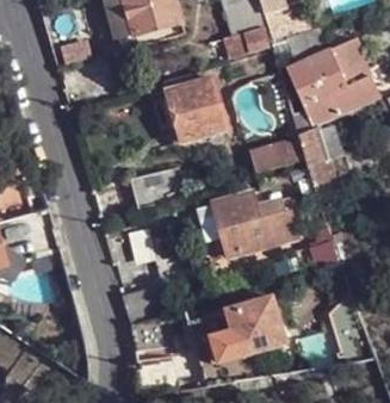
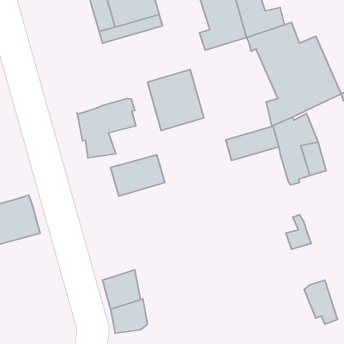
building: none -> [77,98,136,158]
building: [216,193,297,255] -> none
building: [212,297,286,355] -> none

